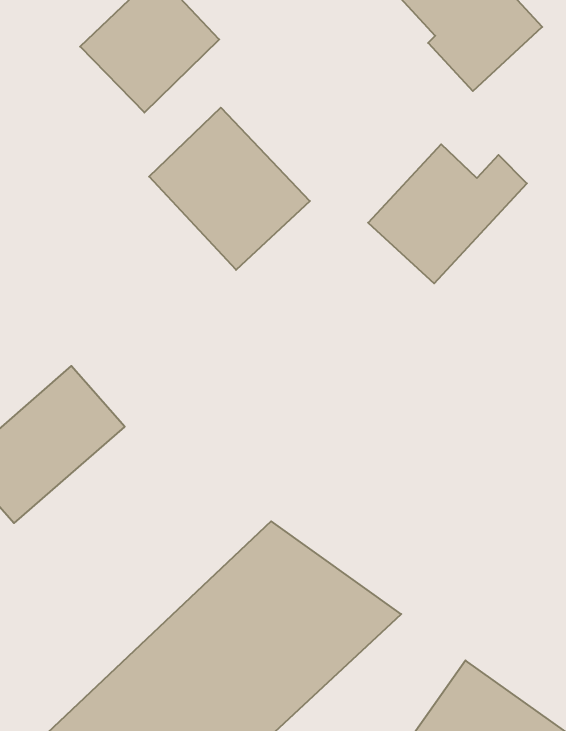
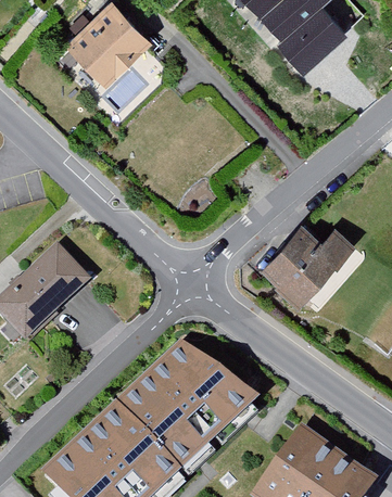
building: [149,108,310,270] -> none
building: [368,144,527,283] -> [257,225,354,309]

